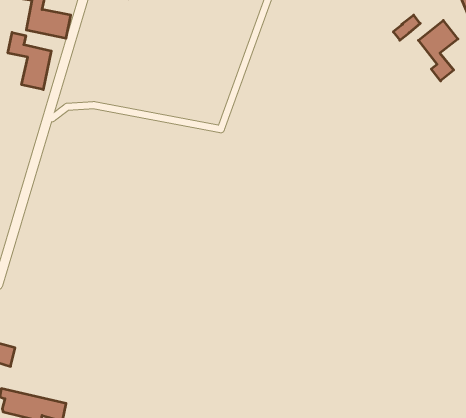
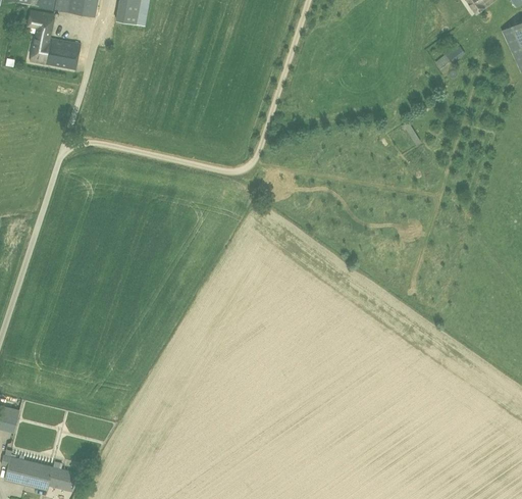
building: [418,20,458,81] -> none
building: [8,32,51,90] -> none

